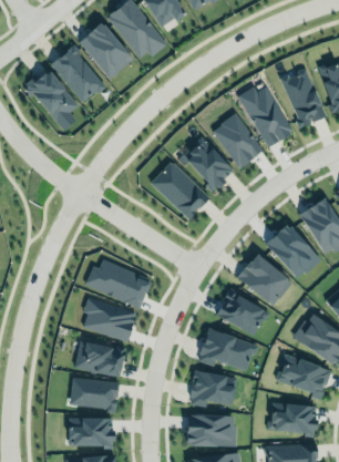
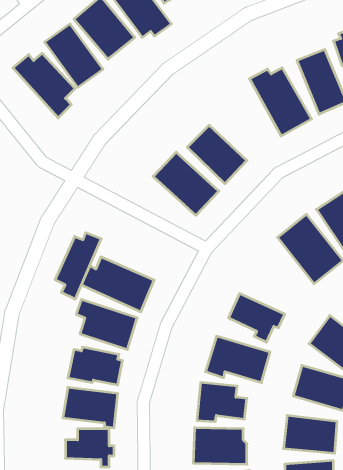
building: [216,114,260,168] -> none
building: none -> [55,233,101,299]
building: [237,254,292,308] -> none

